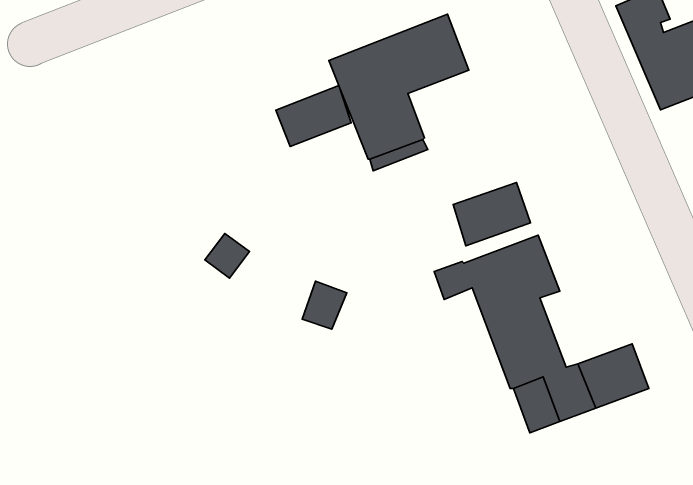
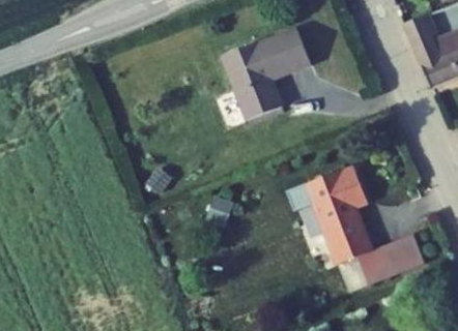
building: [276,85,351,146] -> none
building: [453,183,531,246] -> none

